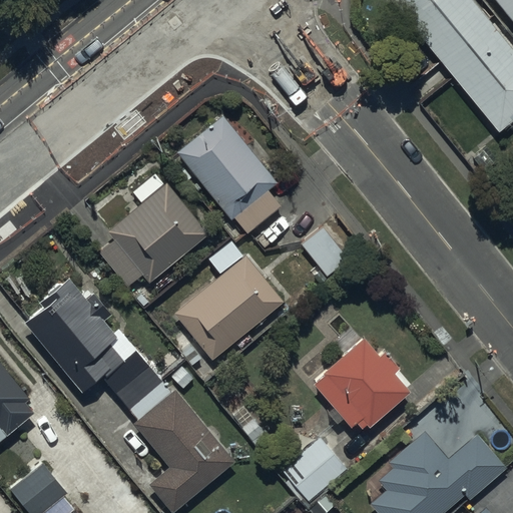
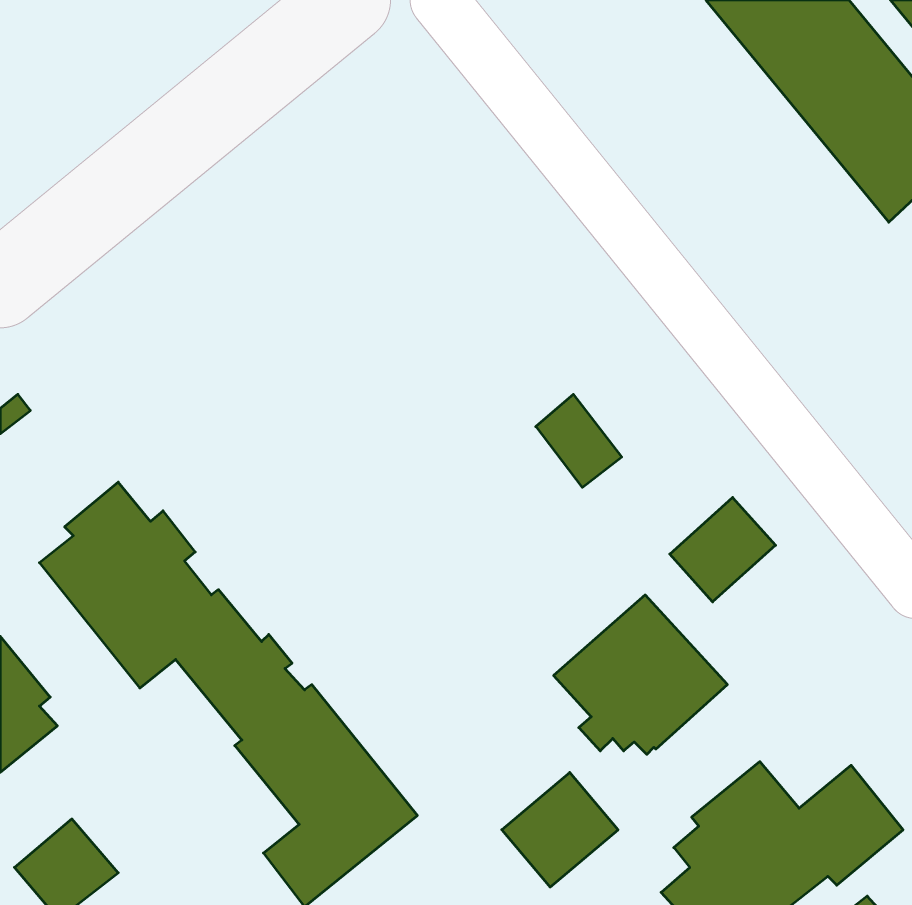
building: [177,116,282,233] -> none
building: [97,175,209,287] -> none
building: [175,256,285,361] -> none
building: none -> [670,497,776,602]

